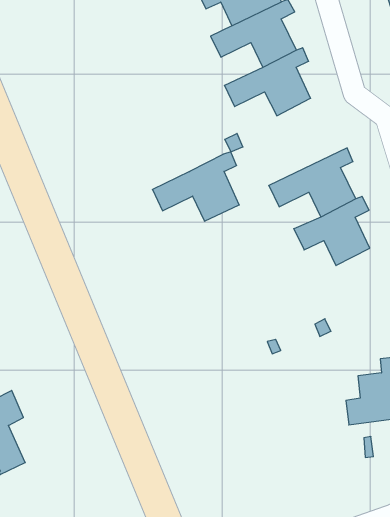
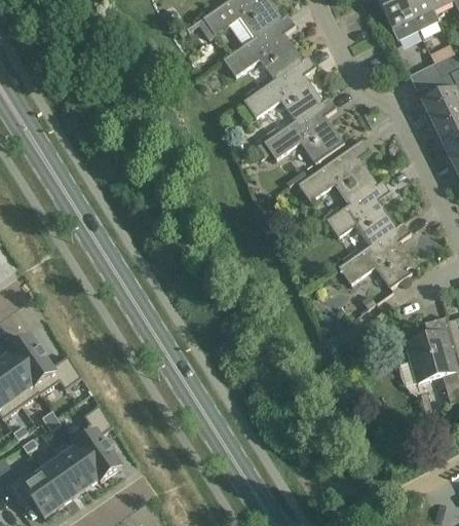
building: [152,152,239,221] -> [264,97,344,162]
building: none -> [338,222,417,287]

